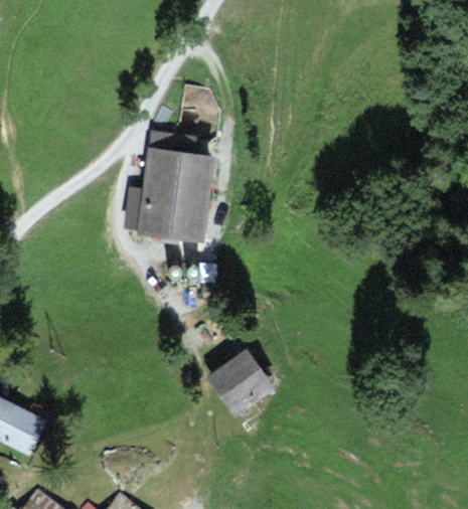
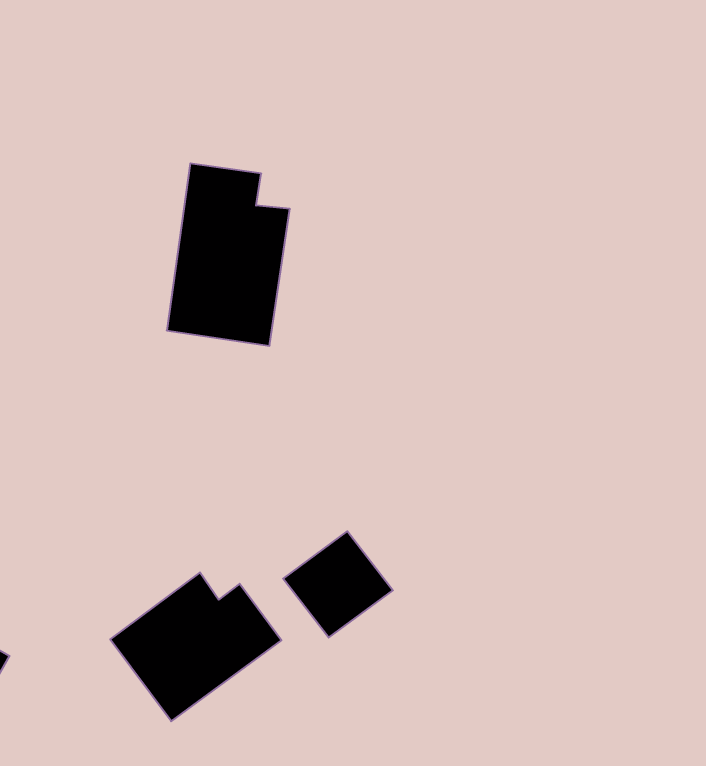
building: none -> [110,572,281,721]

